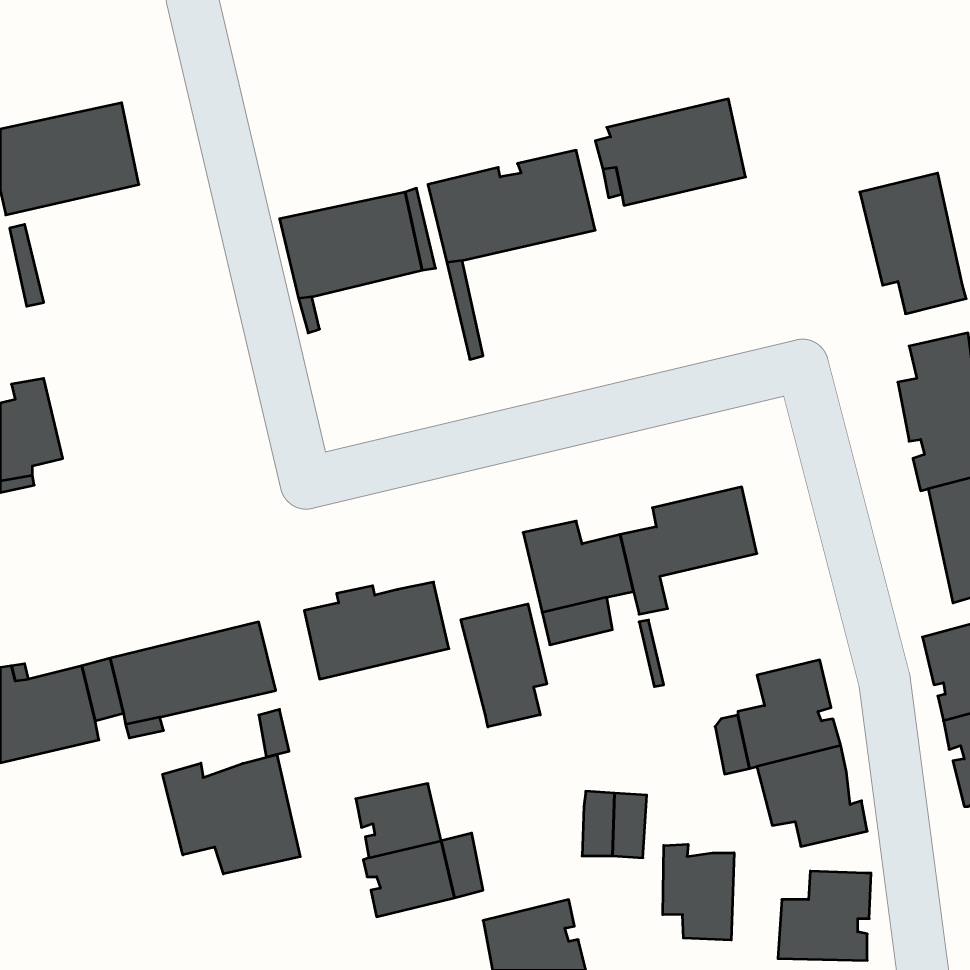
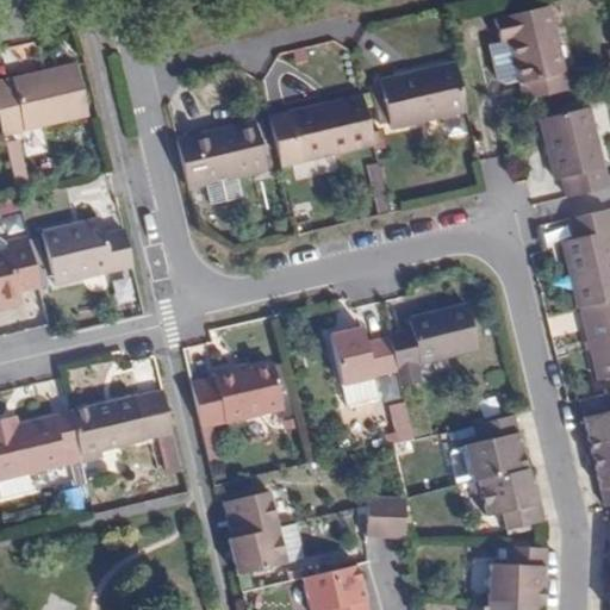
building: none -> [497,7,566,100]
building: none -> [45,219,133,282]
building: [461,604,547,727] -> none
building: [163,754,300,874] -> none
building: [663,844,734,940] -> none

